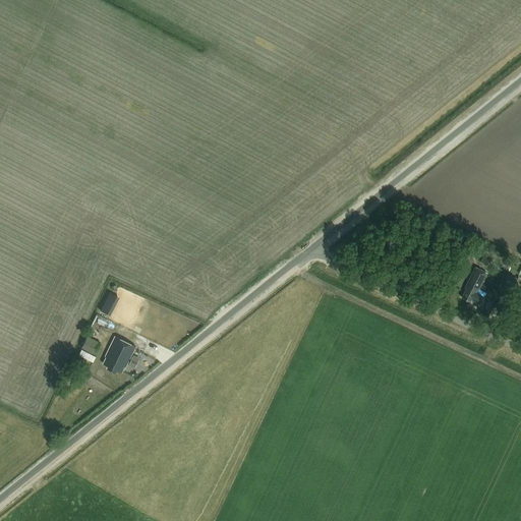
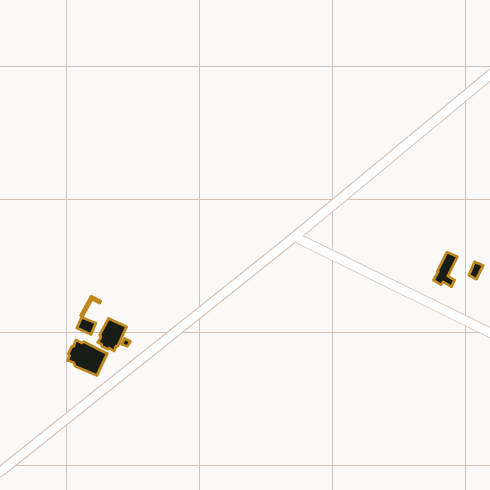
building: none -> [68,340,107,375]

